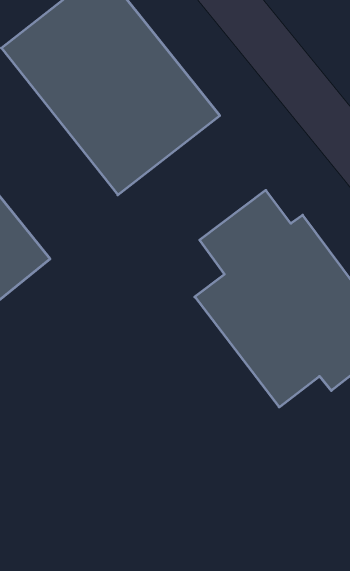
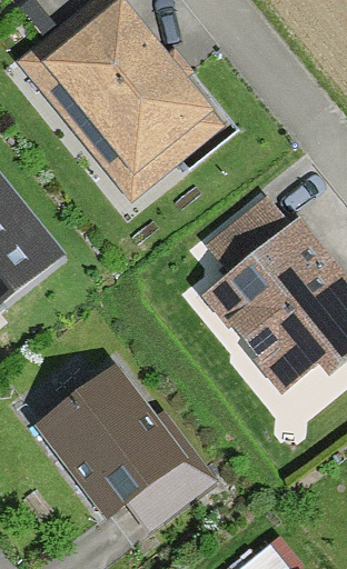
building: none -> [37,363,184,515]

